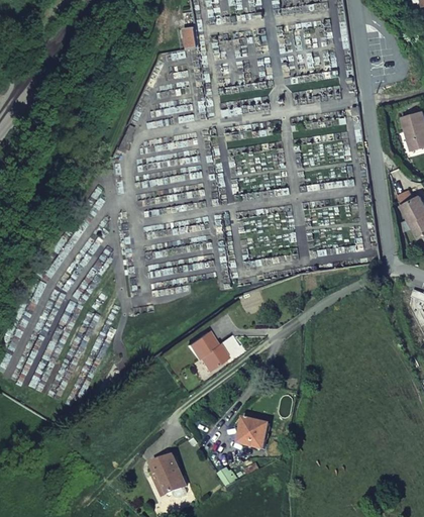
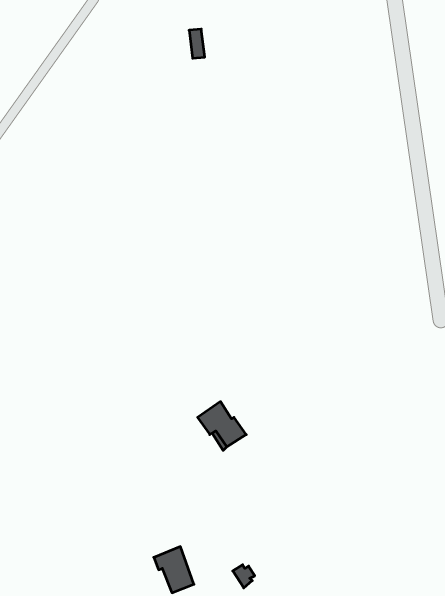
building: [237,417,269,448] -> none

